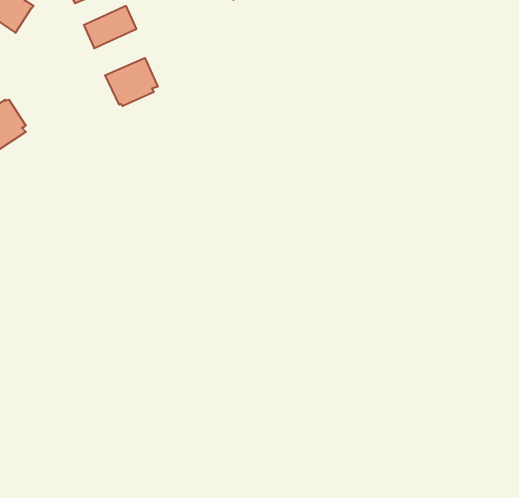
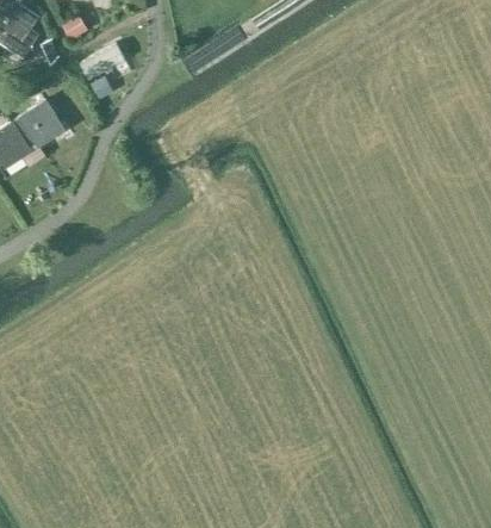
building: [105,58,158,106] -> none
building: none -> [17,100,66,148]

